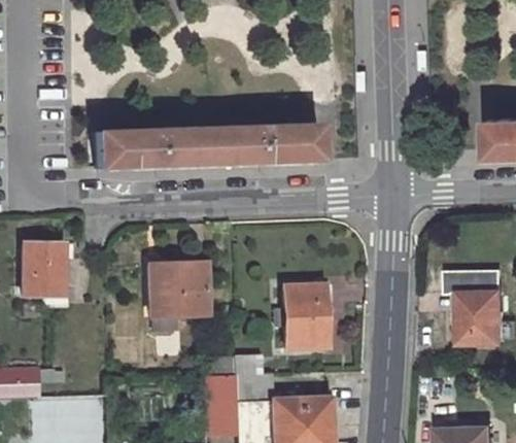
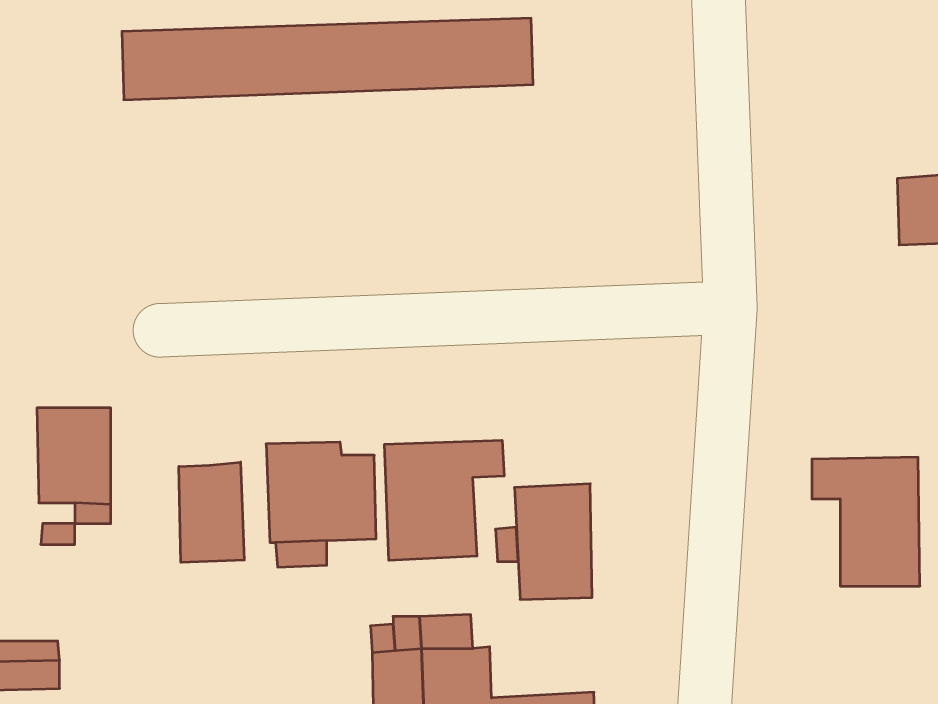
building: [97,125,320,169] -> [122,18,533,100]
building: none -> [385,440,504,560]
building: none -> [179,462,244,562]

